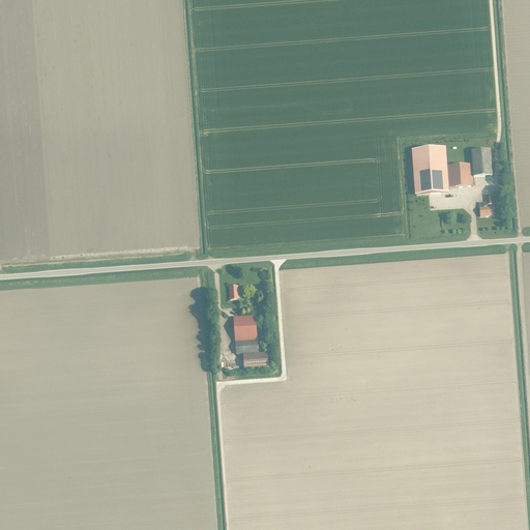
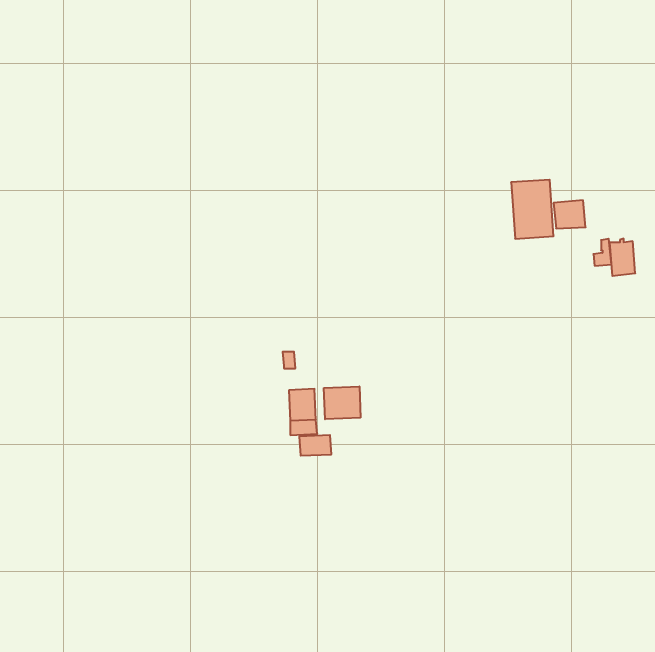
building: [470,145,491,175] -> [610,239,635,276]
building: none -> [324,386,360,419]

